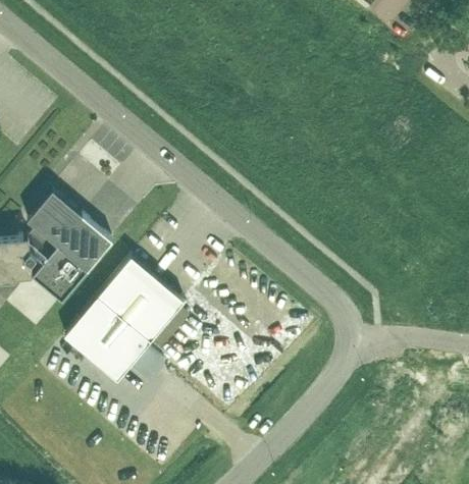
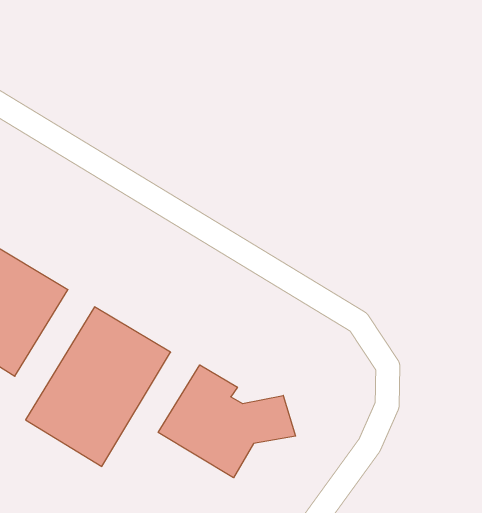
building: none -> [158,365,296,478]

